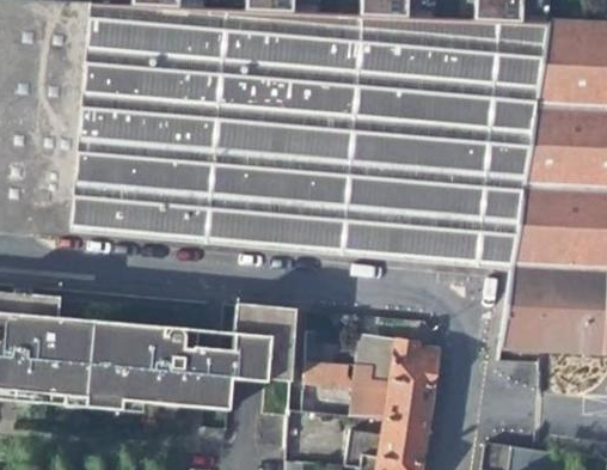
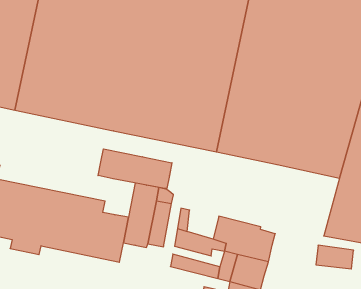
building: none -> [98,149,172,188]

